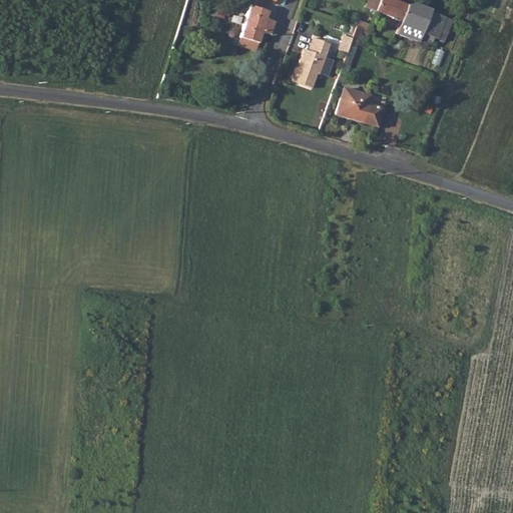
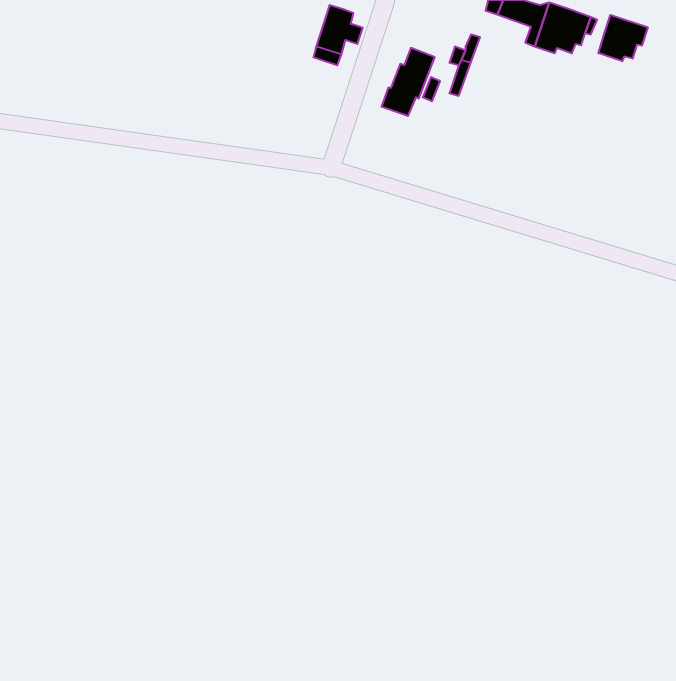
building: none -> [598,15,648,61]
building: [337,86,388,125] -> none

